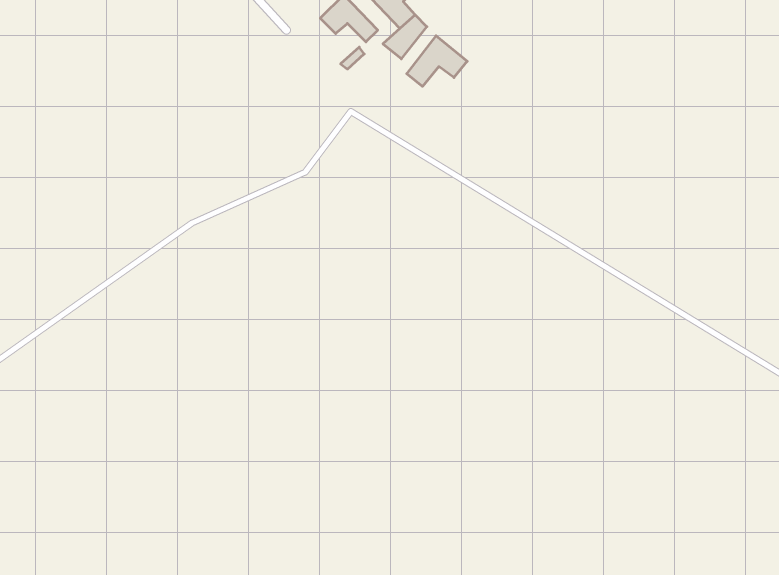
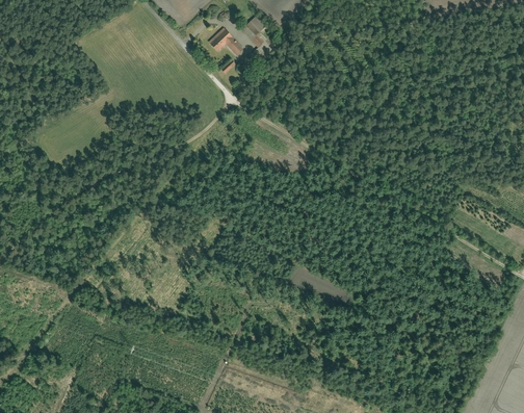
building: [407,36,467,86] -> none

